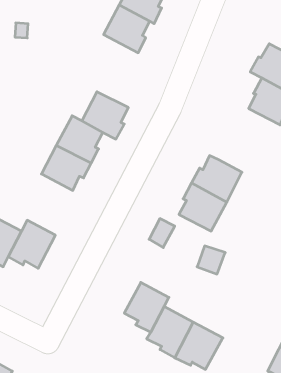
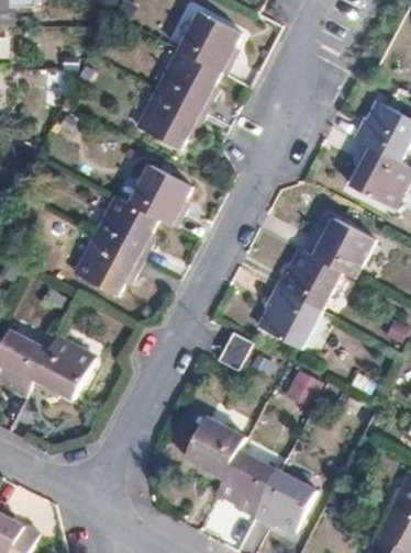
building: none -> [138,88,203,148]
building: none -> [310,218,374,276]

